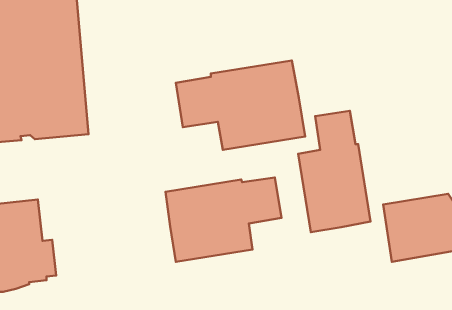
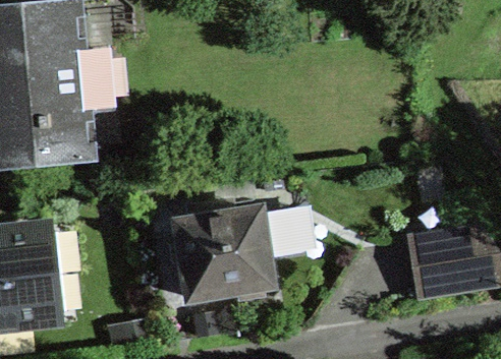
building: [176,60,305,150] -> none
building: [298,111,371,232] -> none

